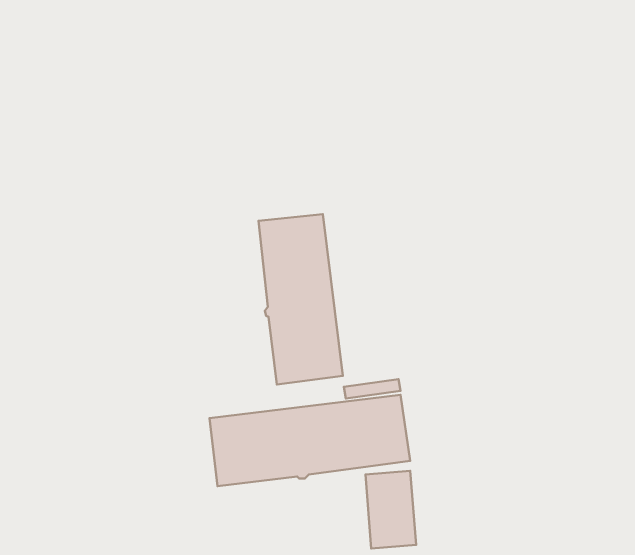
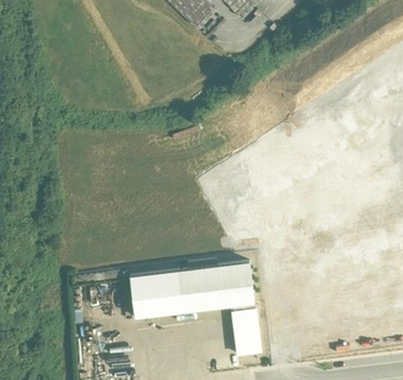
building: [258,214,343,385] -> none

